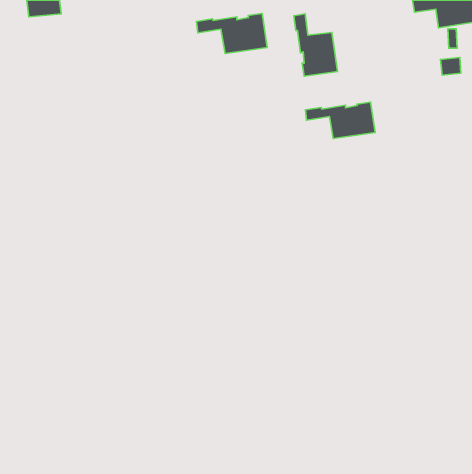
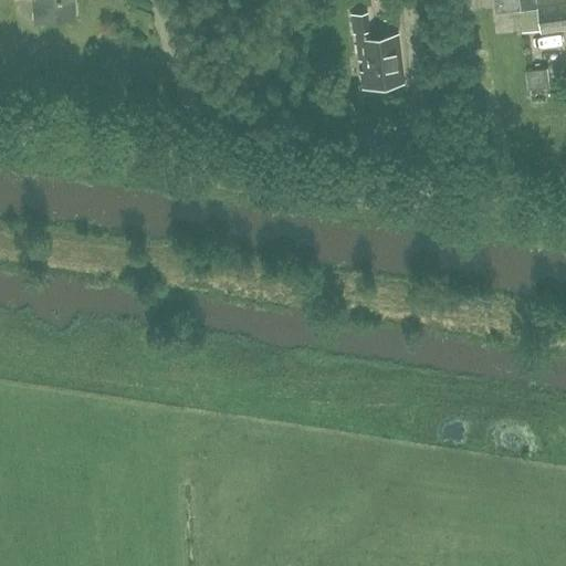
building: [196,14,267,54] -> none
building: [305,102,375,139] -> none

